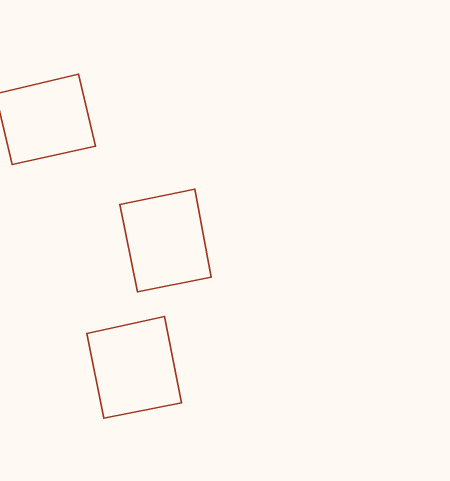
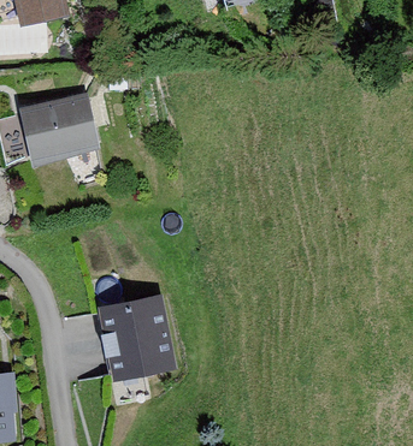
building: [120,189,211,292] -> none

